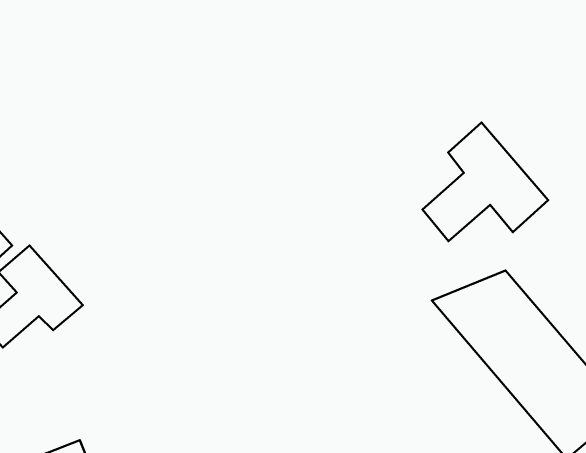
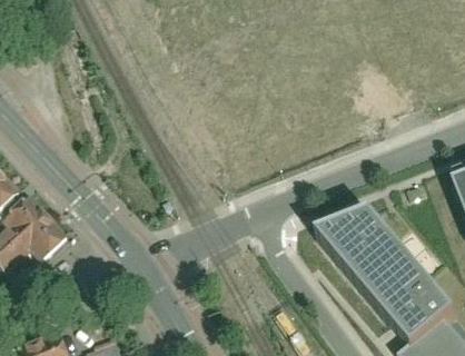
building: [422,122,548,241] -> none

